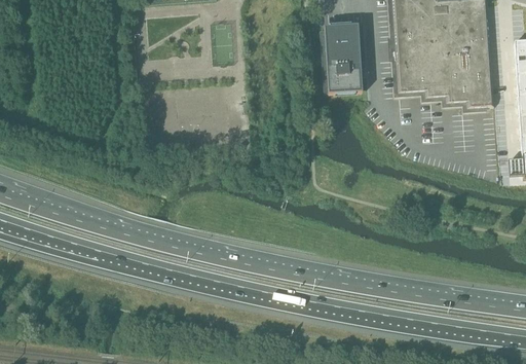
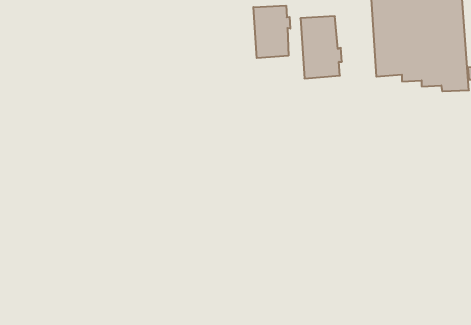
building: none -> [253,6,290,58]

